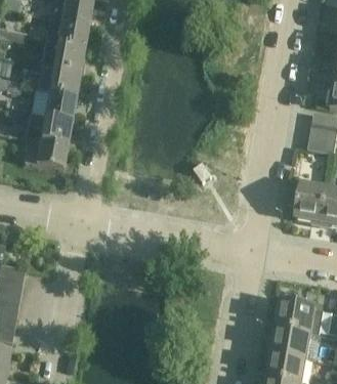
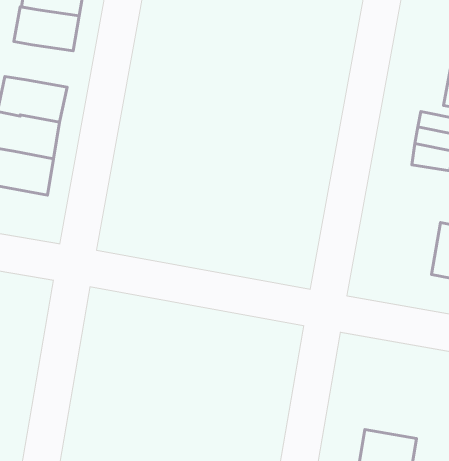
building: [48,67,80,95] -> none
building: [288,180,328,221] -> none
building: [277,300,324,333] -> none

